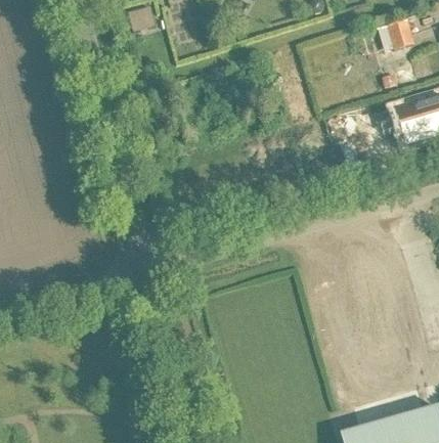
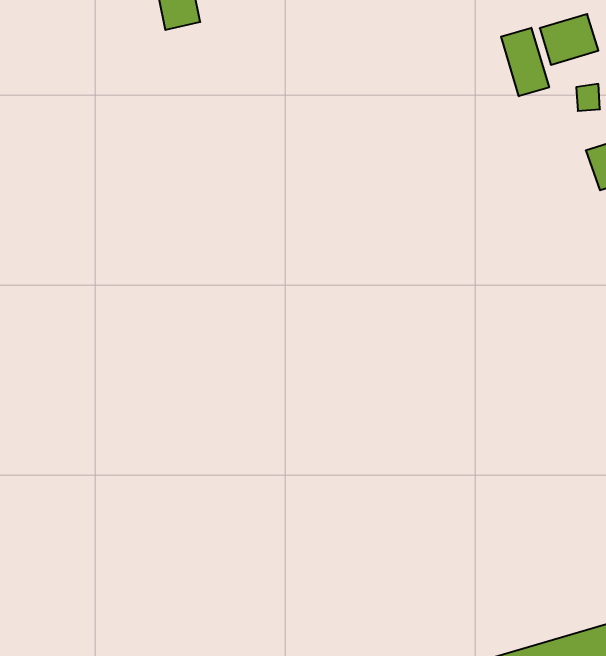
building: none -> [501,28,549,96]

